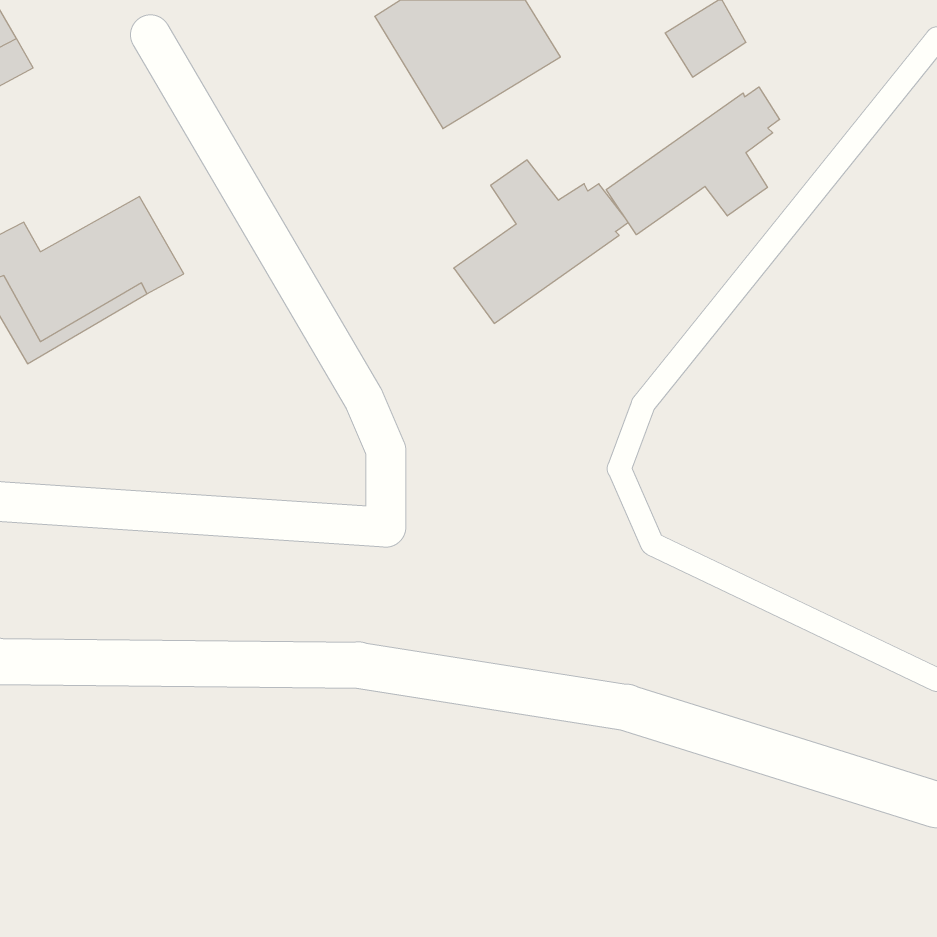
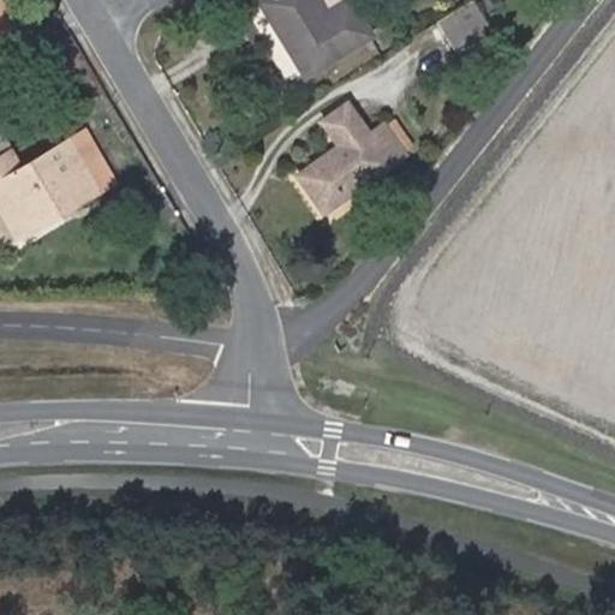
building: [606,87,780,235] -> none

